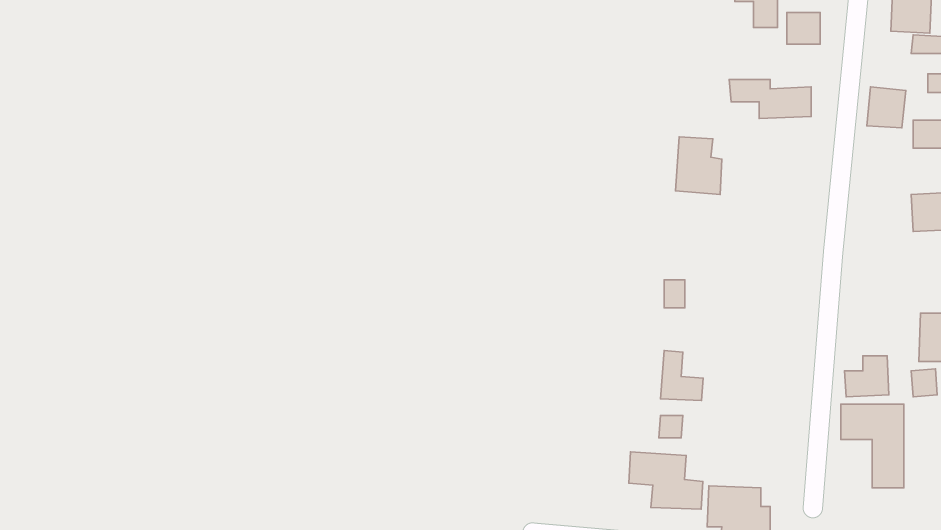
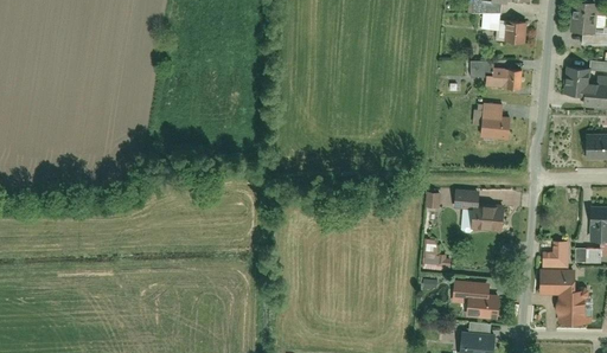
building: [676,137,722,194] -> [480,101,510,137]
building: none -> [456,194,503,231]
building: [629,452,703,509] -> [453,283,500,320]

